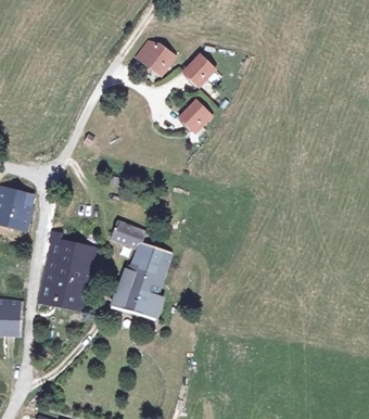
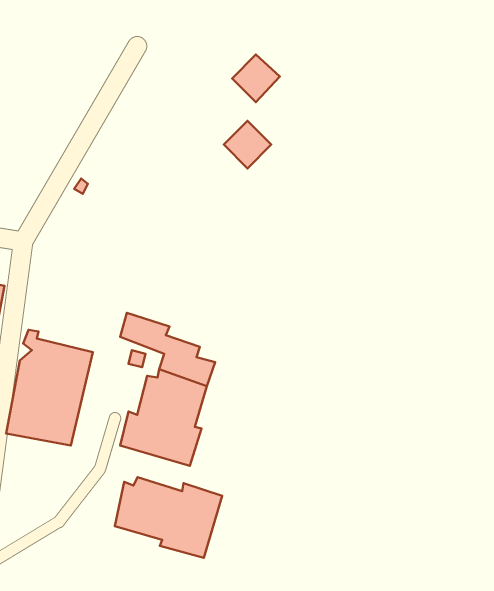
building: [136,41,174,74] -> none
building: none -> [115,477,222,558]

